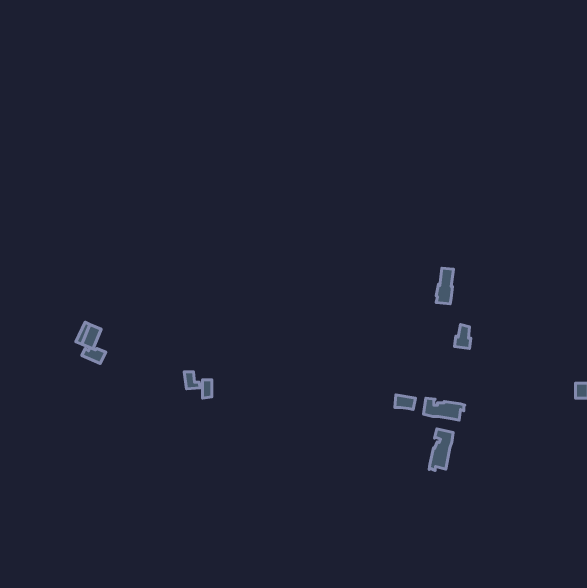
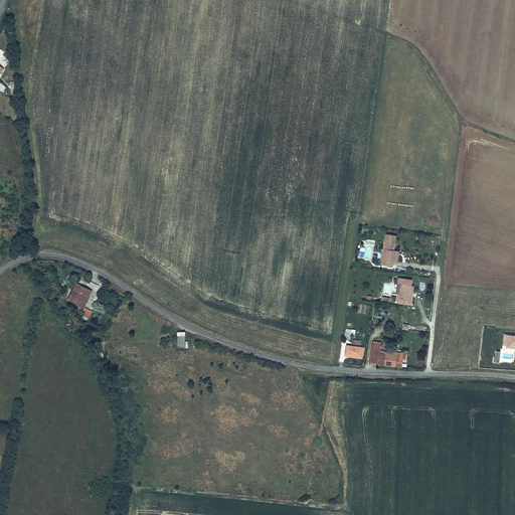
building: [429,429,453,470] -> none

